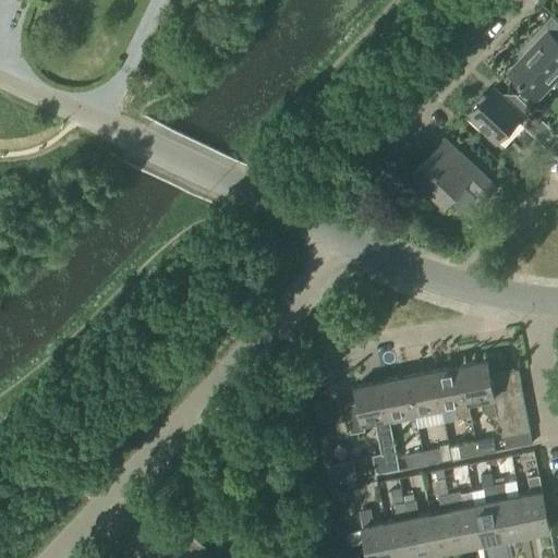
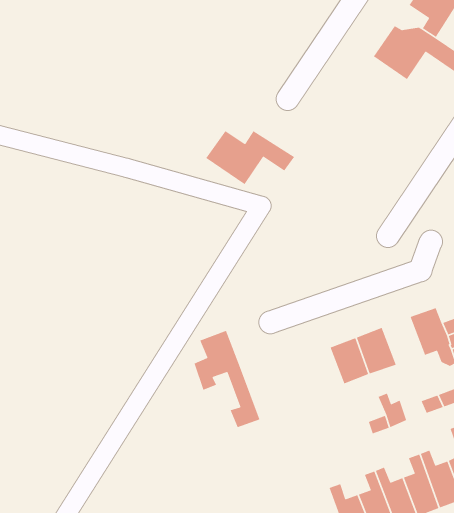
building: [412,154,496,208] -> [205,130,295,185]
building: [434,366,471,422] -> none
building: [345,383,399,476] -> [194,330,260,428]

